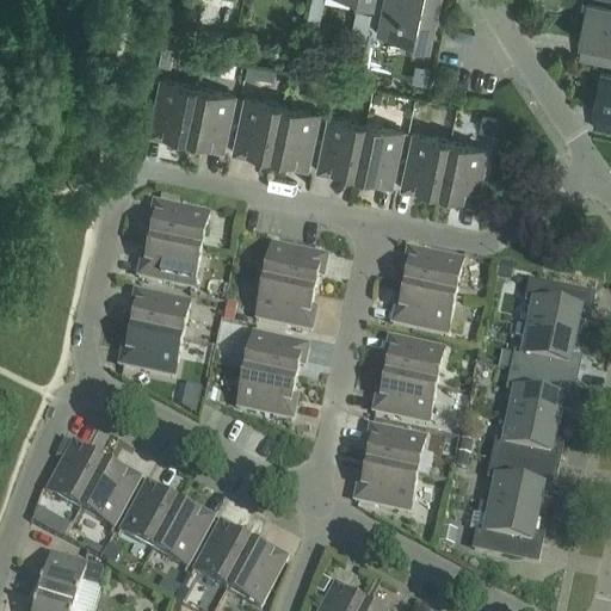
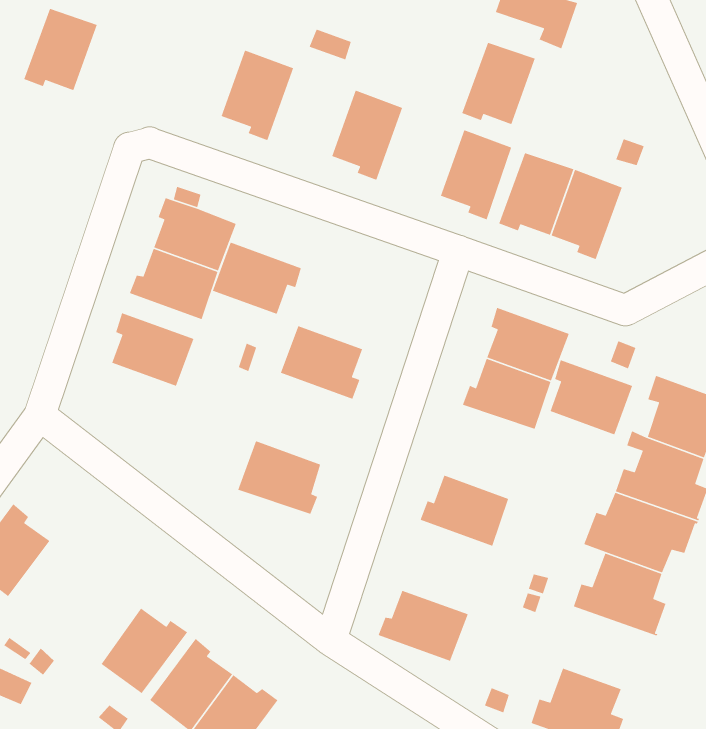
building: [147,76,196,135] -> [23,8,98,91]
building: [230,94,280,153] -> none
building: [315,112,364,171] -> [461,42,536,125]
building: [263,241,326,290] -> [212,241,302,315]
building: [117,326,180,375] -> none
building: [243,331,307,378] -> none
building: [384,334,443,384] -> [550,359,633,435]
building: [365,424,424,473] -> none
building: [488,457,556,512] -> none
building: [79,462,140,525] -> none
building: [119,479,177,547] -> none

